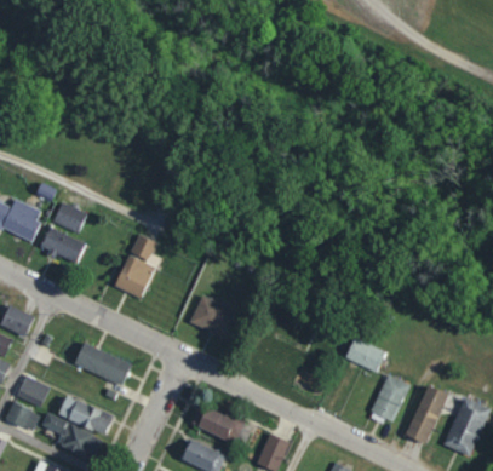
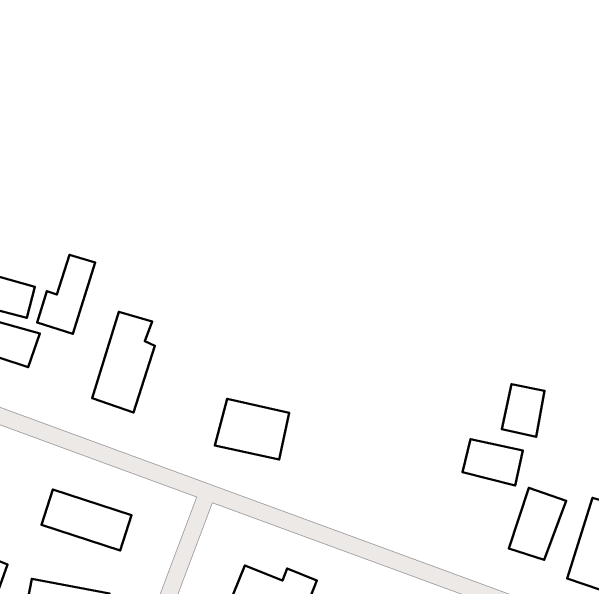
building: none -> [37,255,95,334]
building: none -> [502,384,544,437]

